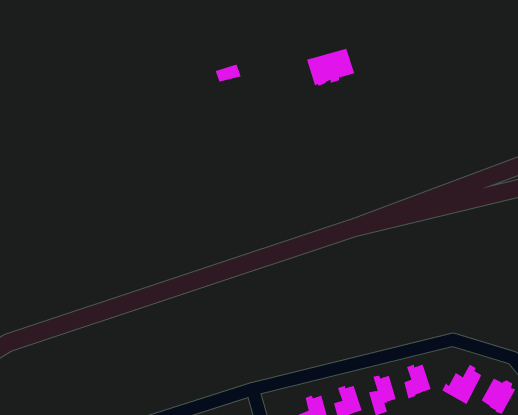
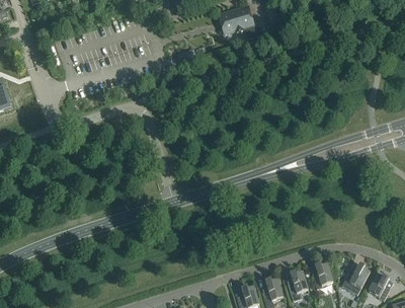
building: [306,48,355,86] -> [218,6,253,33]

